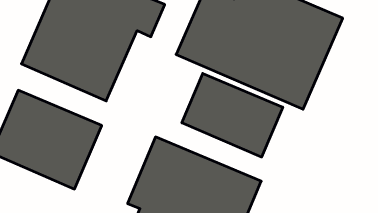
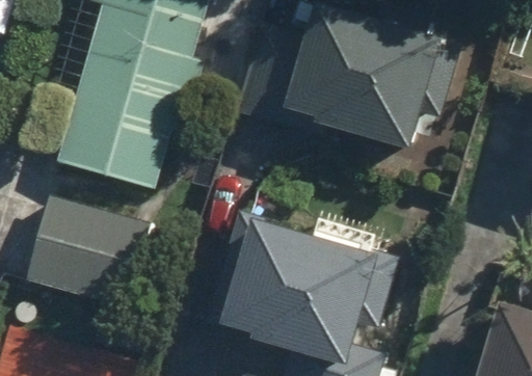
building: [182,73,283,157] -> none

